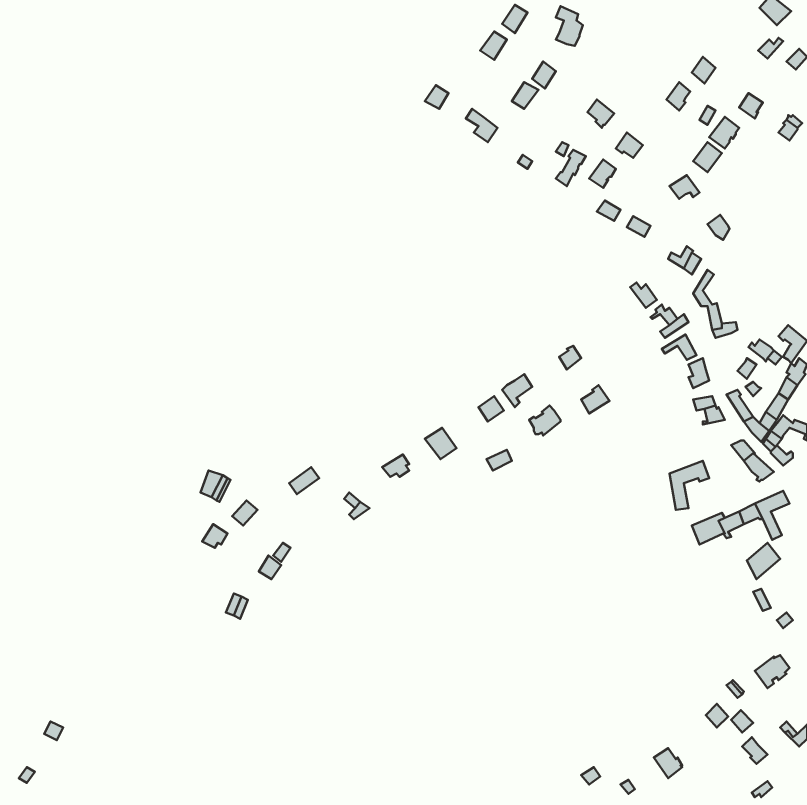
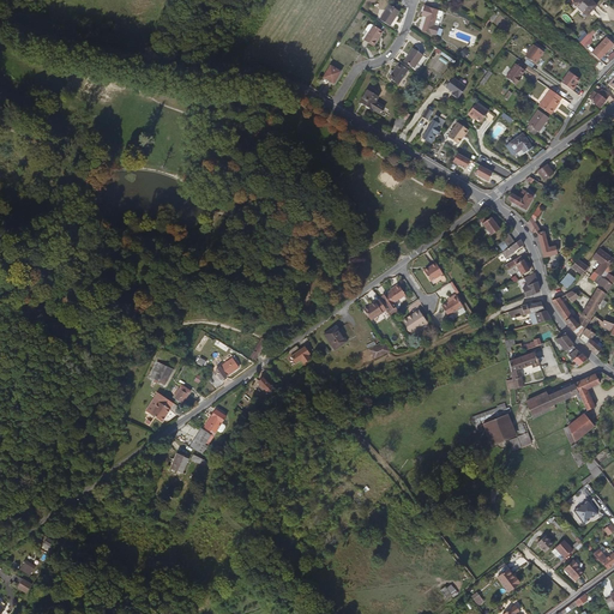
building: none -> [482,414,516,444]

